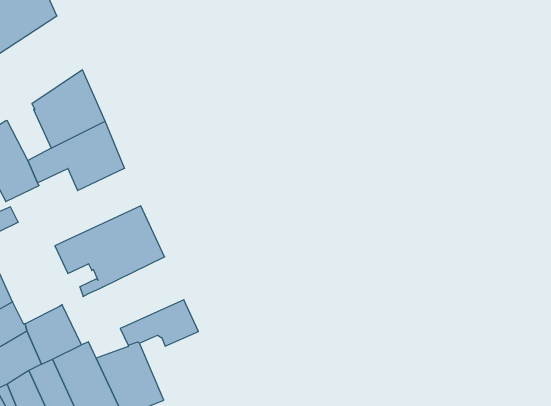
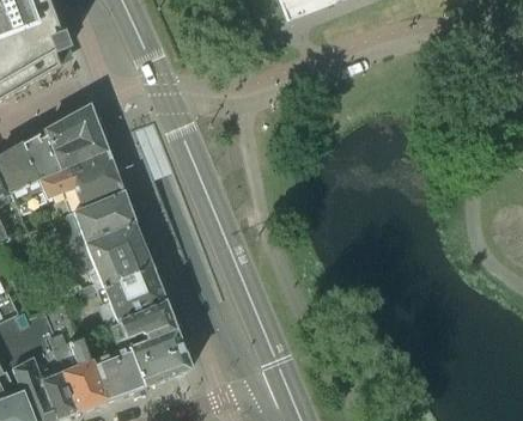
building: none -> [24,136,60,181]
building: none -> [60,191,133,251]
building: none -> [97,268,165,328]
building: none -> [126,332,190,389]

